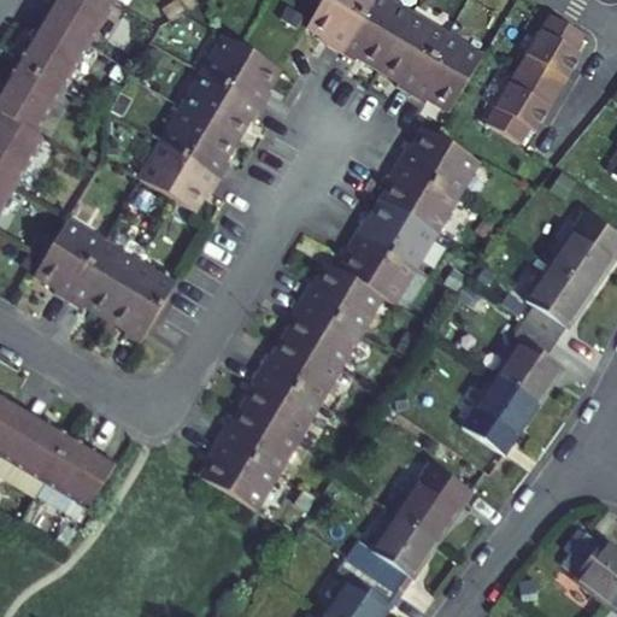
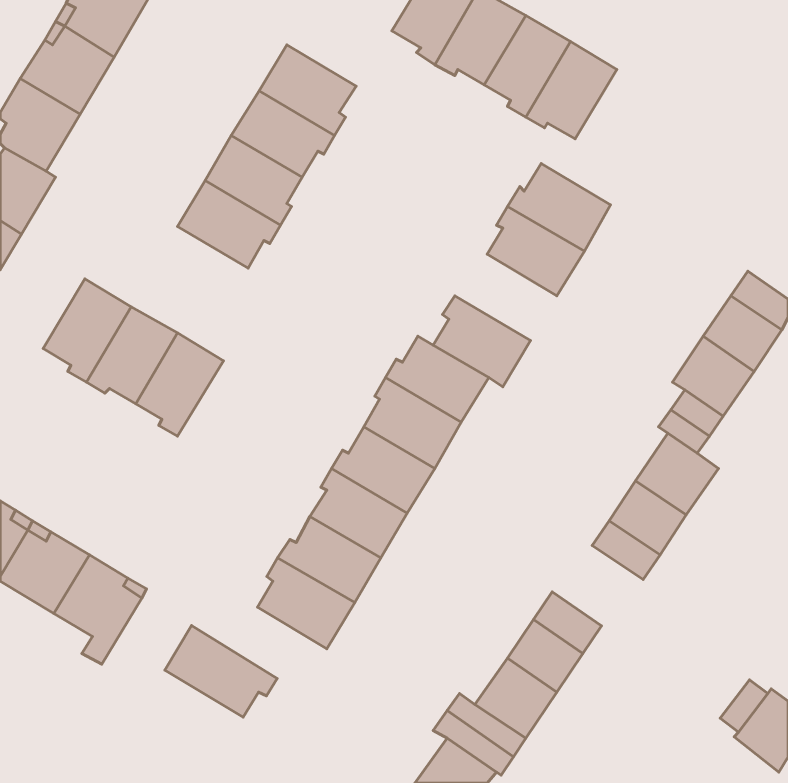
building: [484,13,583,142] -> none
building: [355,199,435,266] -> none
building: none -> [165,626,277,717]

